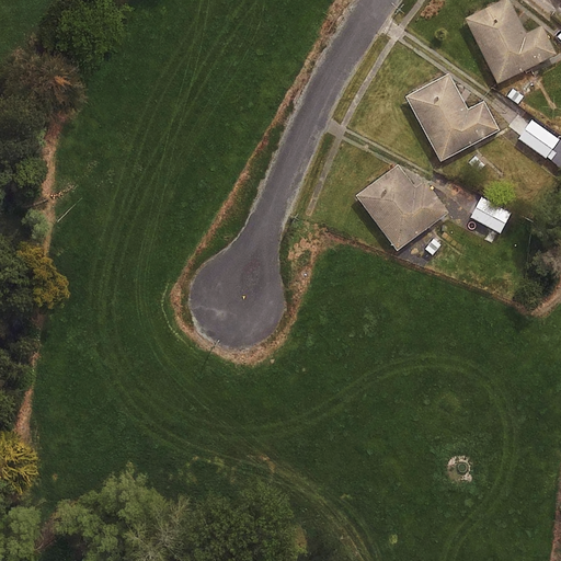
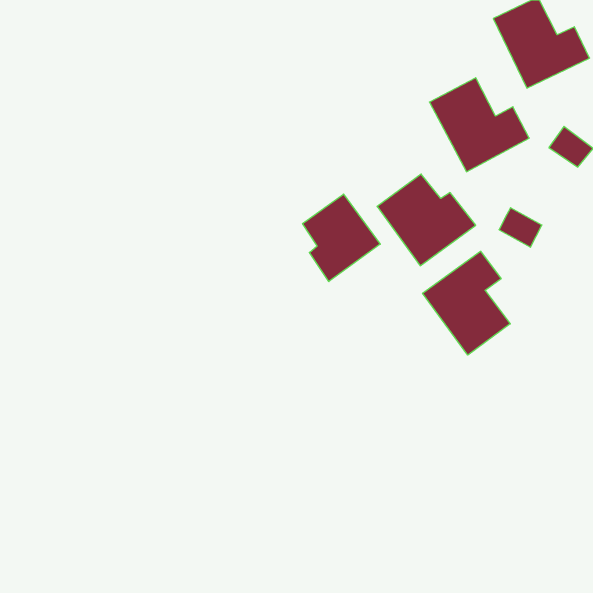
building: none -> [303,194,380,282]
building: none -> [423,251,510,355]

